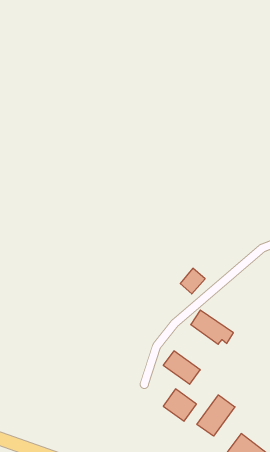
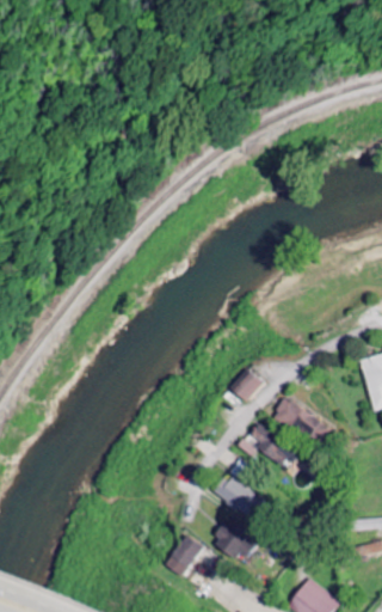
building: none -> [273,402,326,437]
building: [197,395,235,436] -> none
building: none -> [165,534,202,576]

